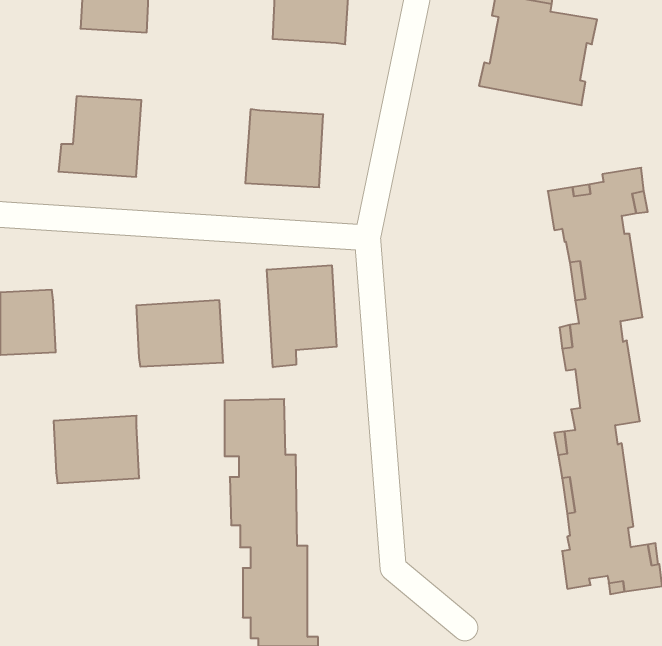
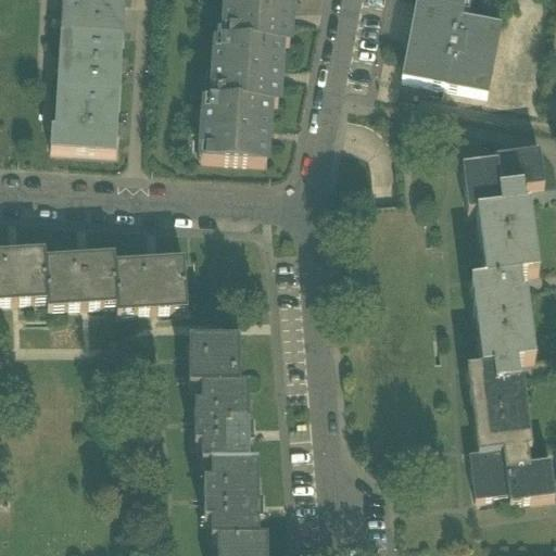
building: none -> [65,24,124,84]
building: none -> [218,33,282,96]
building: [267,265,337,367] -> none
building: [54,416,139,483] -> [46,247,117,303]

